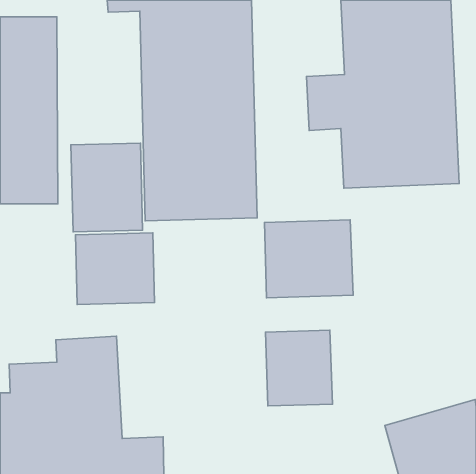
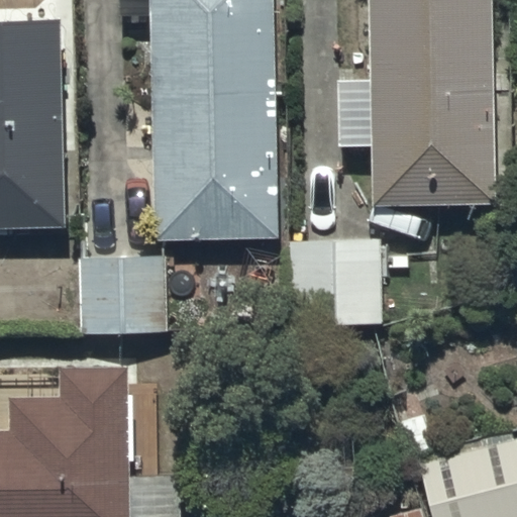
building: [71,143,143,232] -> none
building: [265,330,332,406] -> none

